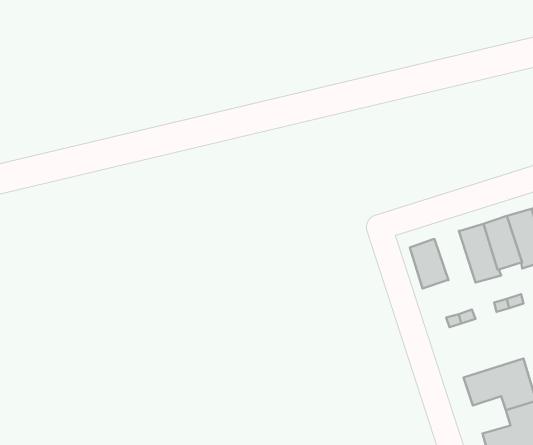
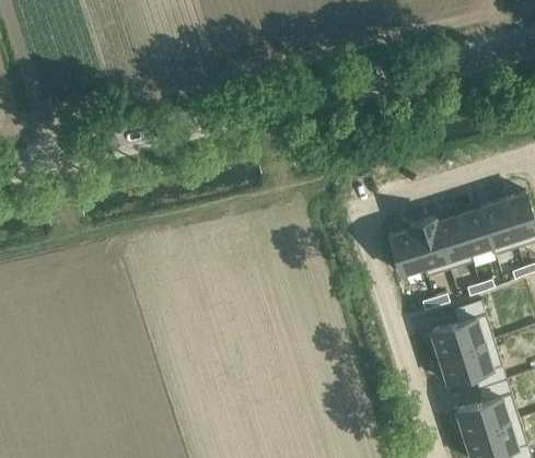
building: none -> [408,216,449,277]
building: none -> [430,301,493,357]

